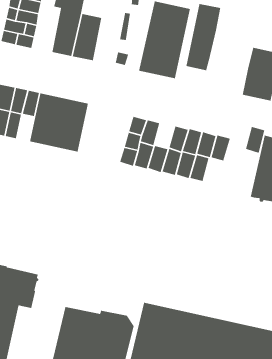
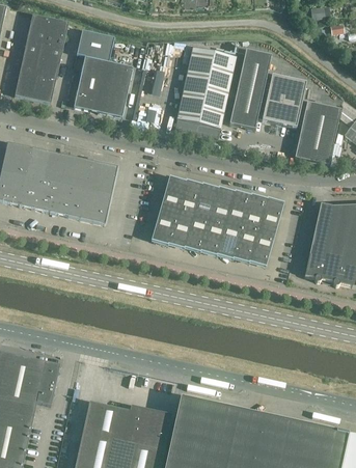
building: none -> [257,74,307,127]
building: none -> [33,178,54,211]
building: none -> [193,188,217,219]
building: [245,126,265,154] -> [250,229,274,261]

